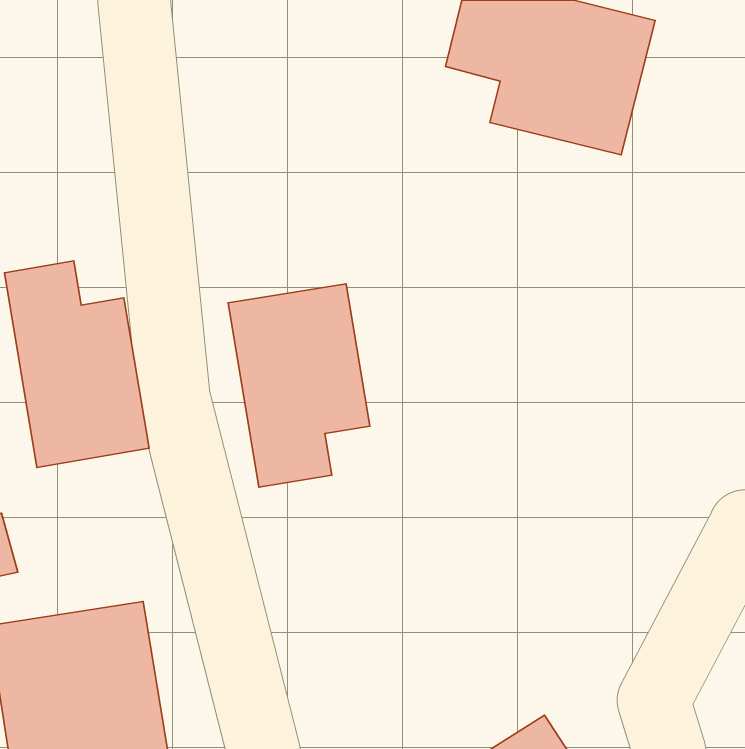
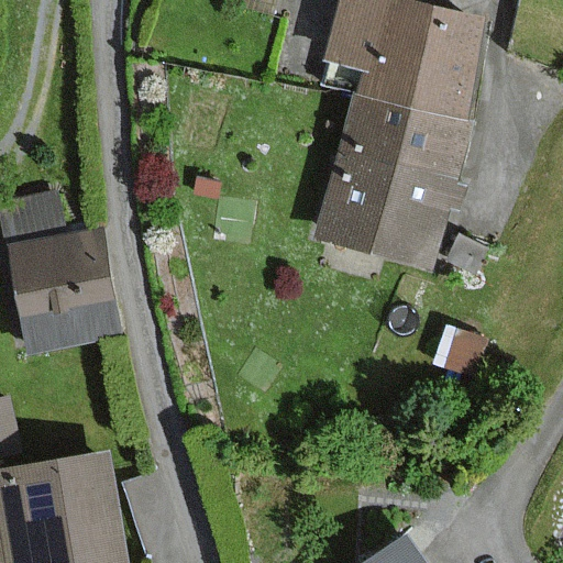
building: none -> [319,91,471,264]
building: [228,284,370,487] -> none

